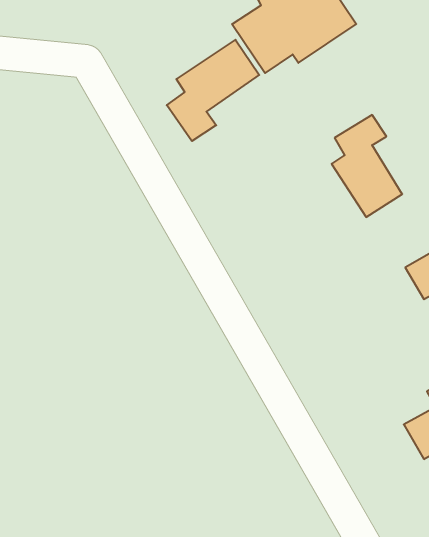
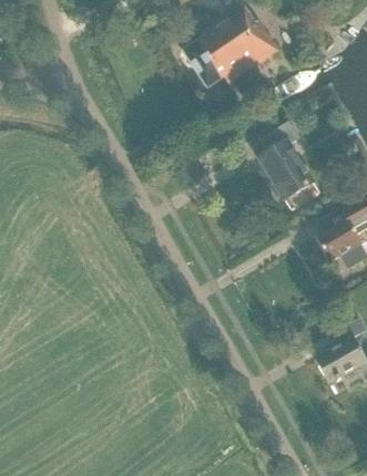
building: [167,40,259,141] -> none

